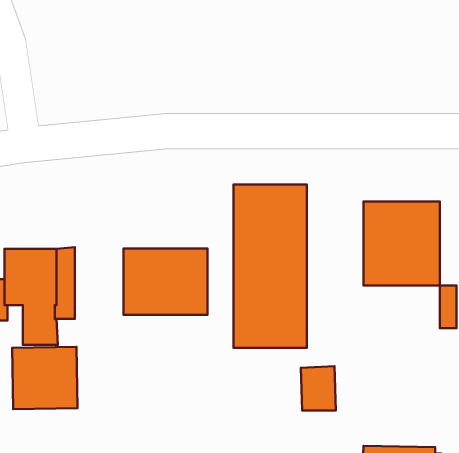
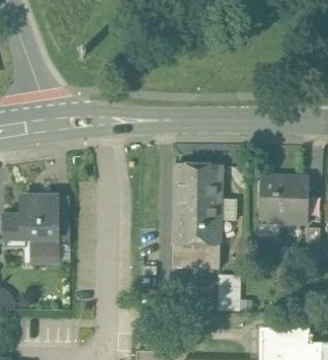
building: [124,248,208,315] -> none
building: [12,347,78,409] -> none

